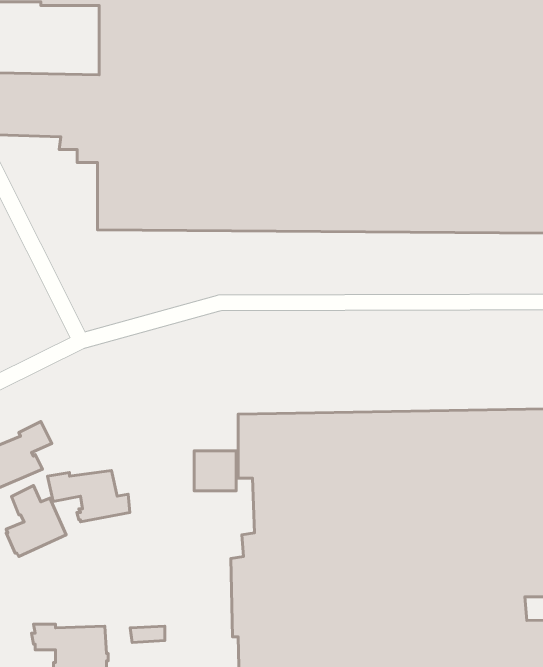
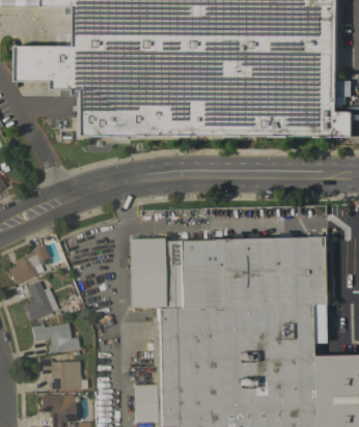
building: none -> [129,240,154,259]
building: [48,471,130,522] -> [31,322,78,351]
building: none -> [130,285,162,307]

